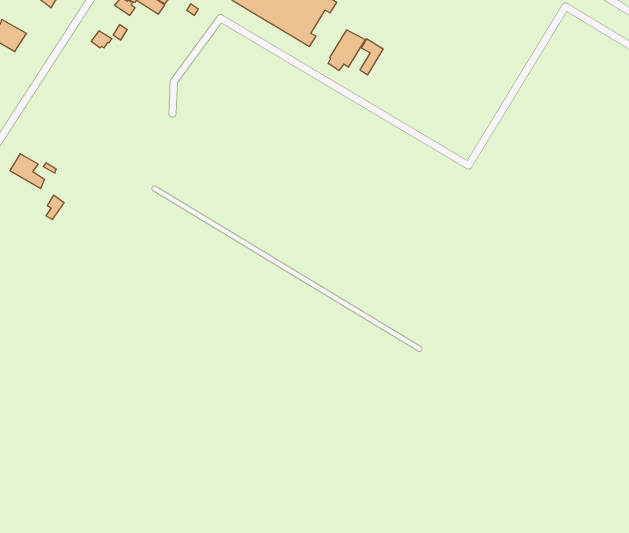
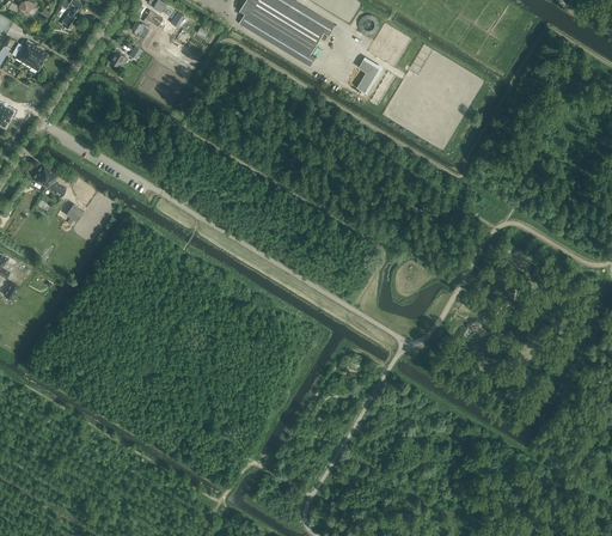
building: [328,30,365,70] -> none

